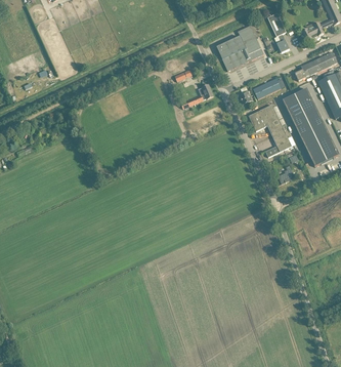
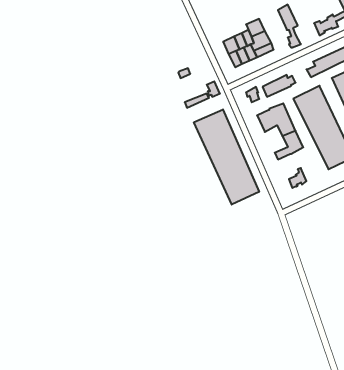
building: none -> [194,109,259,205]

